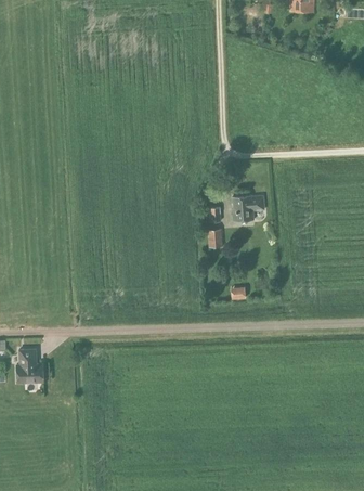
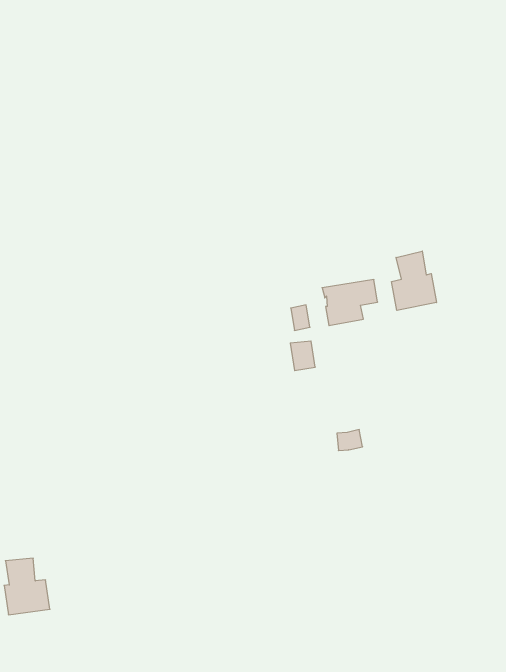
building: none -> [392,251,436,310]

